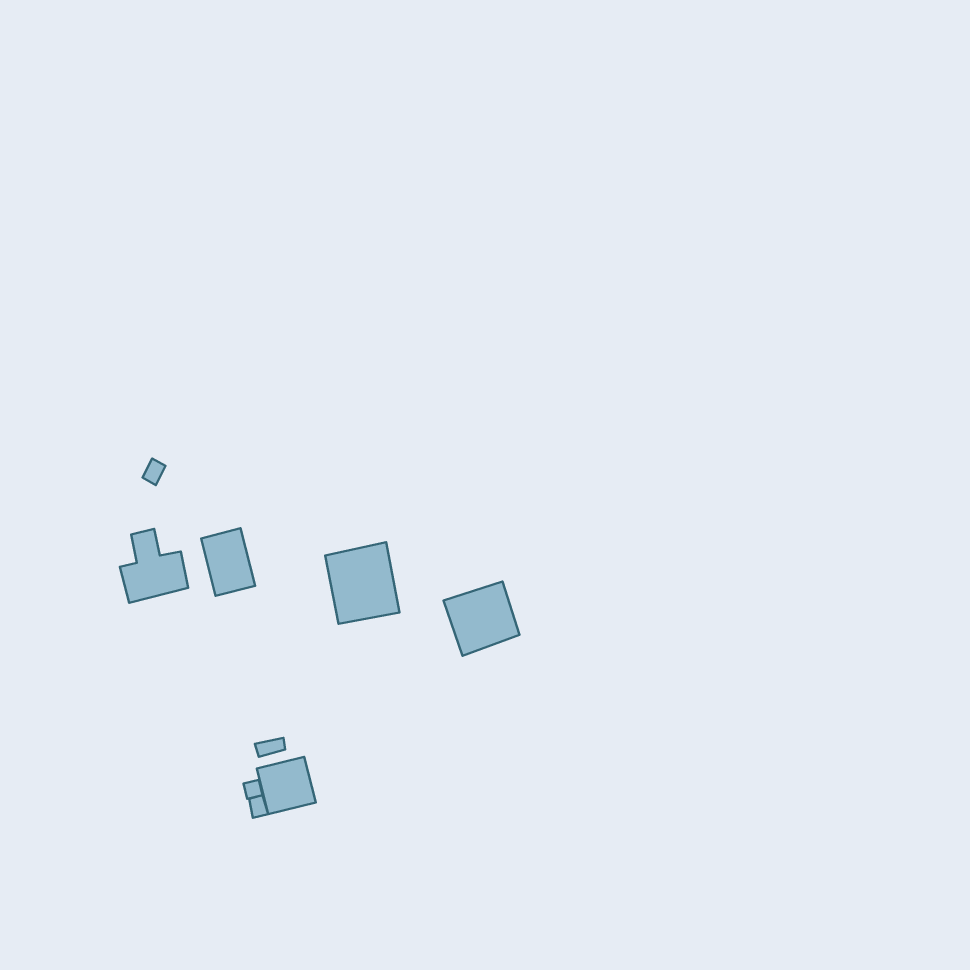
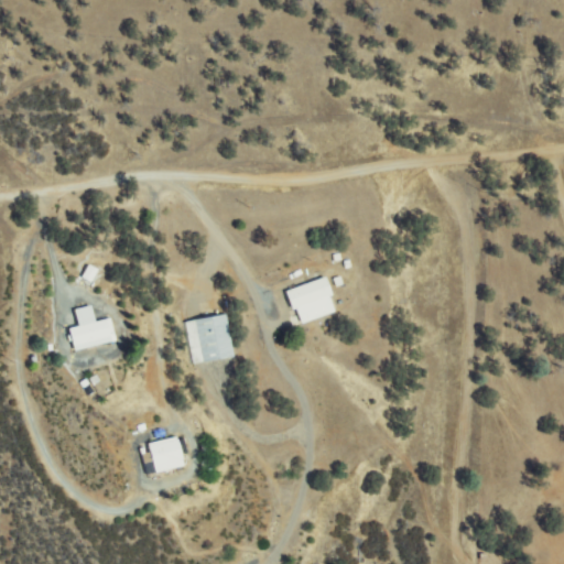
building: [201,528,255,596] -> none
building: [444,582,520,656] -> [290,279,334,322]

